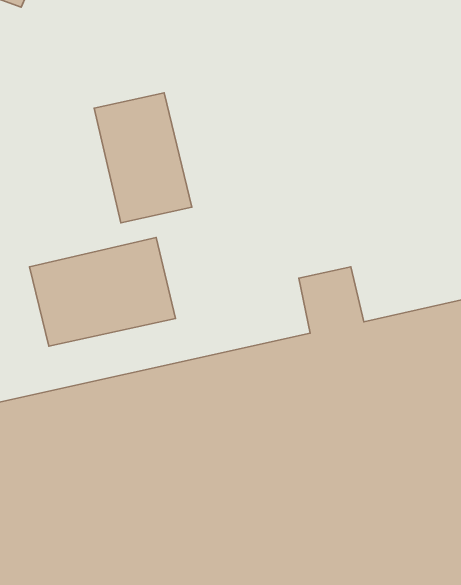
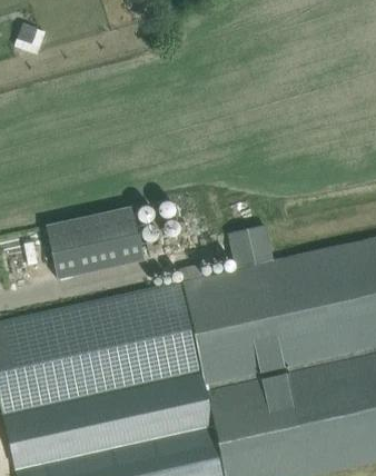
building: [94,93,192,223] -> none

